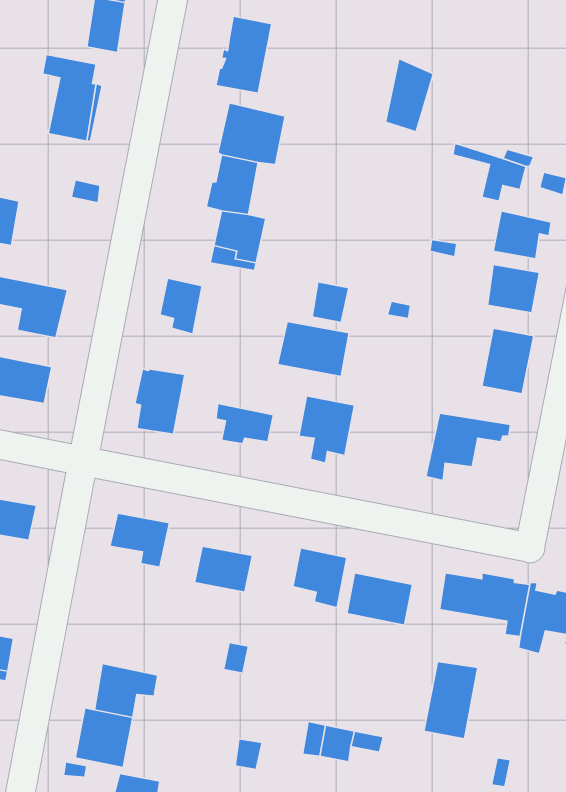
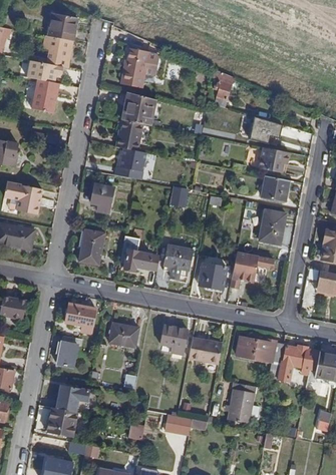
building: [277,322,349,377] -> none
building: none -> [198,264,227,290]
building: none -> [57,336,82,367]

